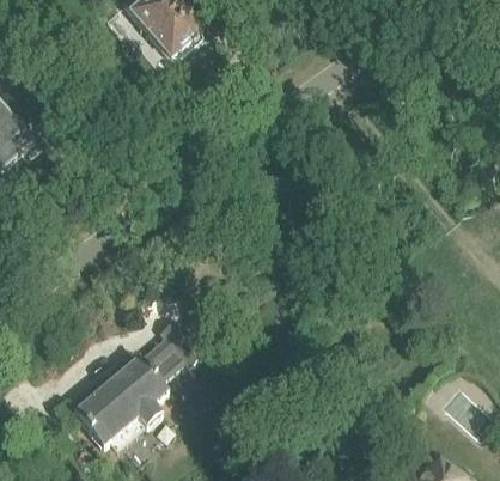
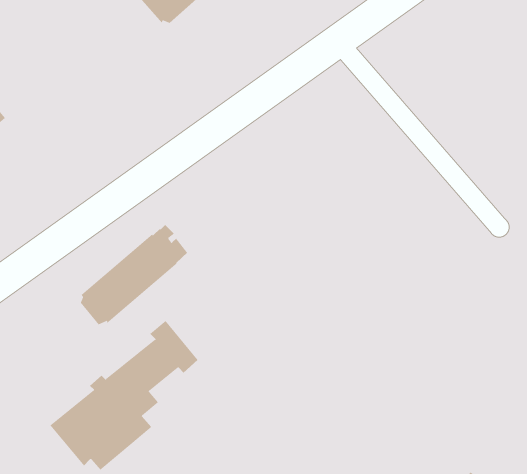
building: none -> [80,224,188,325]

